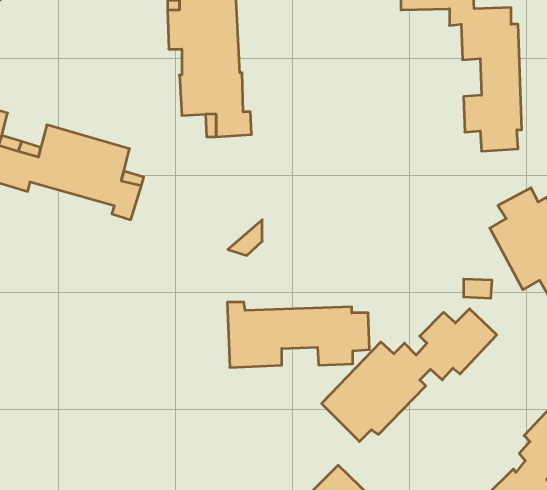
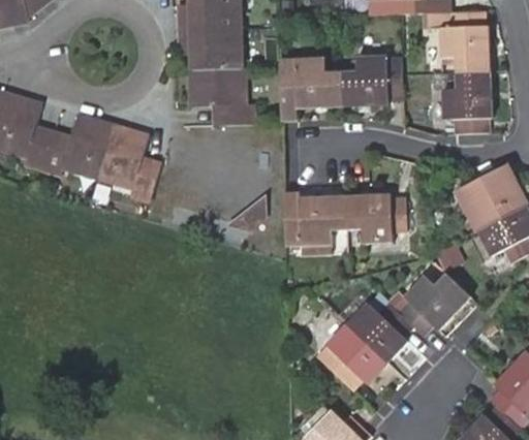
building: none -> [279,55,401,120]
building: [227,302,369,367] -> [282,190,406,247]

